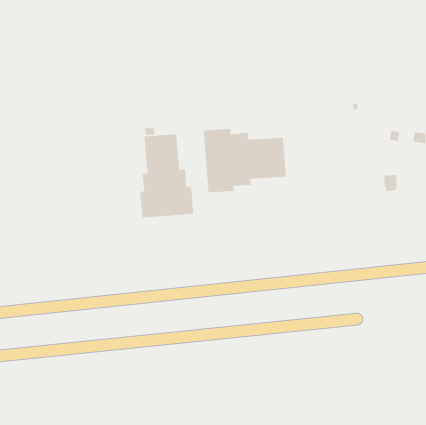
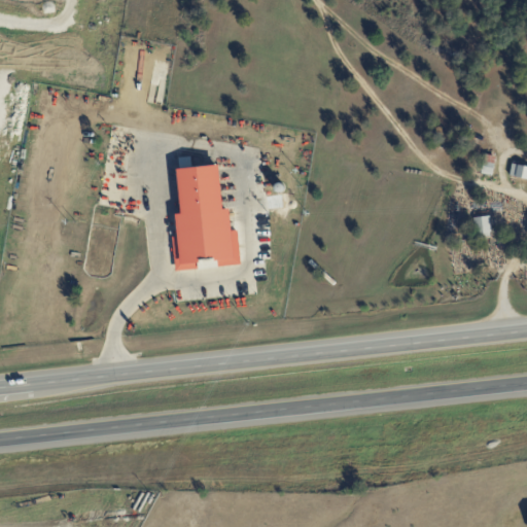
building: [203,128,287,193] -> none

